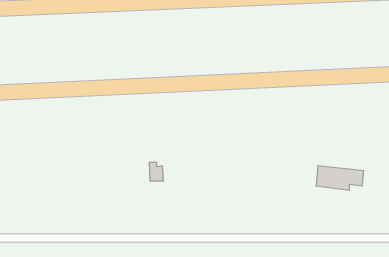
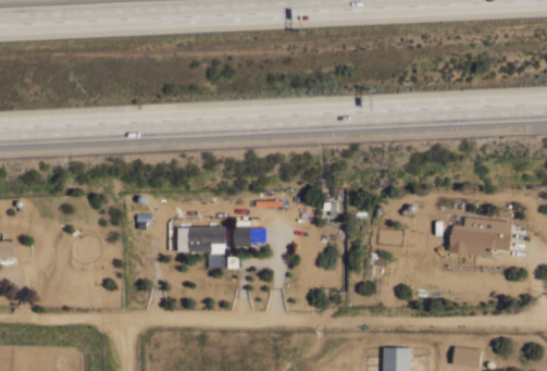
building: none -> [177,226,225,252]

